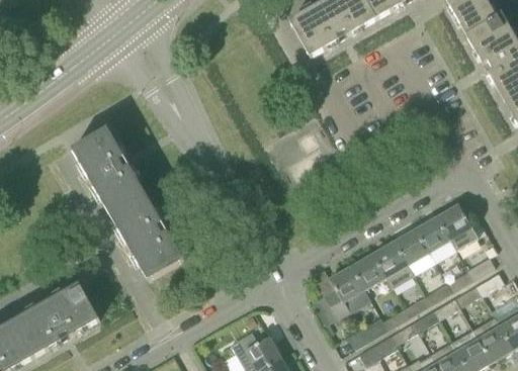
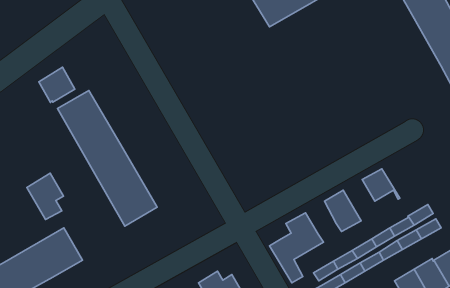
building: none -> [39,67,75,103]
building: [437,204,478,251] -> none
building: none -> [27,173,63,220]
building: [394,229,429,266] -> none
building: [351,254,385,291] -> none

